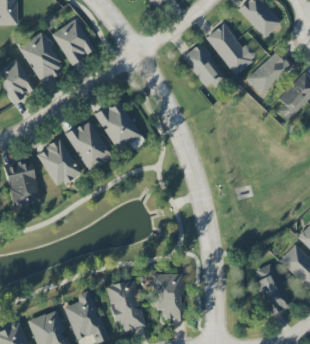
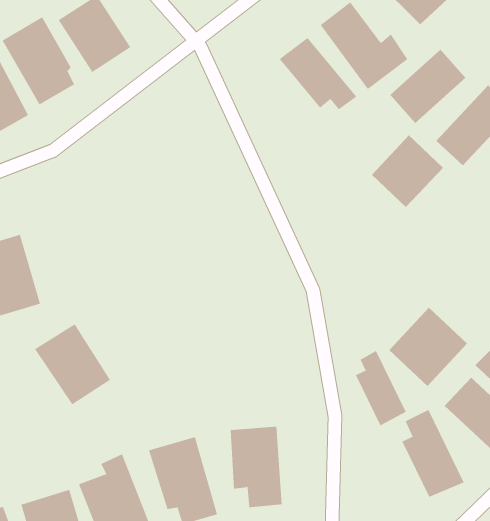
building: [95,100,145,152] -> none
building: none -> [371,135,444,208]
building: [66,119,113,172] -> none
building: [36,139,81,187] -> [34,324,111,405]
building: none -> [389,307,468,387]
building: none -> [355,350,406,426]

